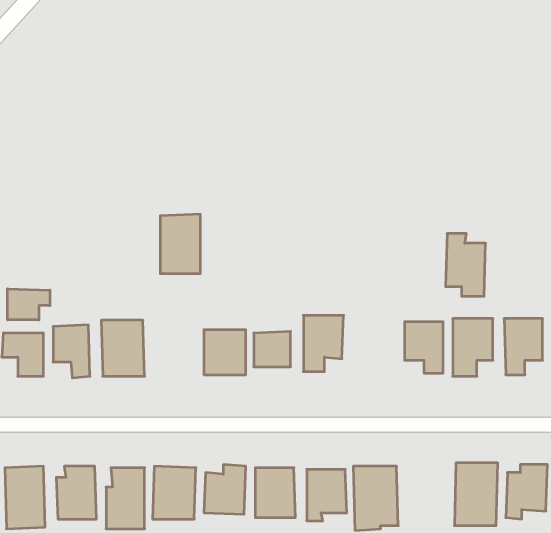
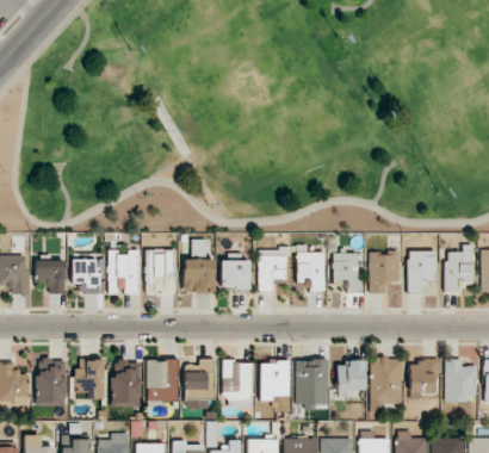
building: [160,214,200,274] -> [147,249,177,293]
building: [446,234,486,296] -> [297,244,327,291]
building: [8,289,50,320] -> none
building: none -> [338,360,366,391]

